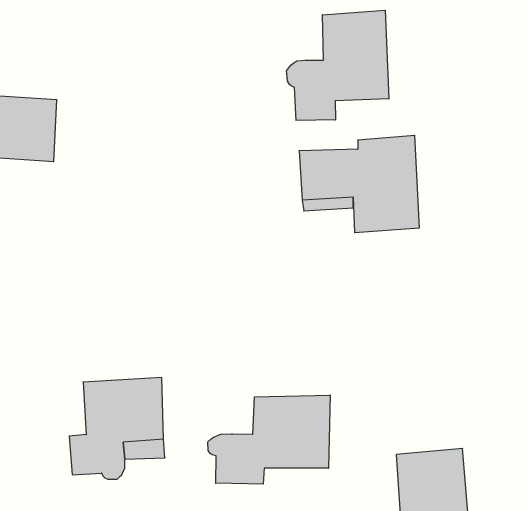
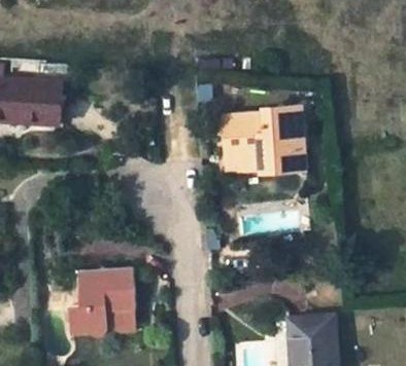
building: [287,10,389,120] -> none
building: [208,395,330,484] -> none

